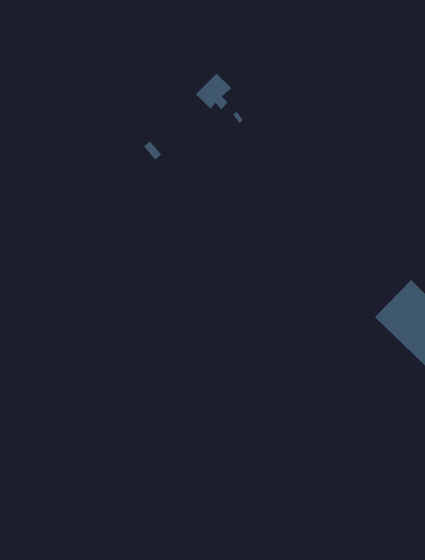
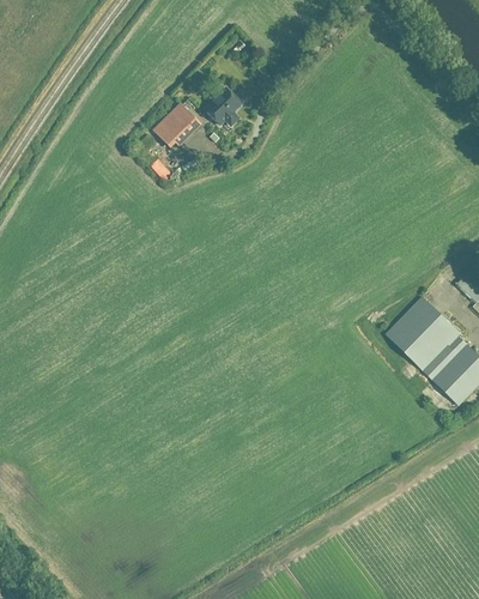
building: none -> [151,103,201,146]

